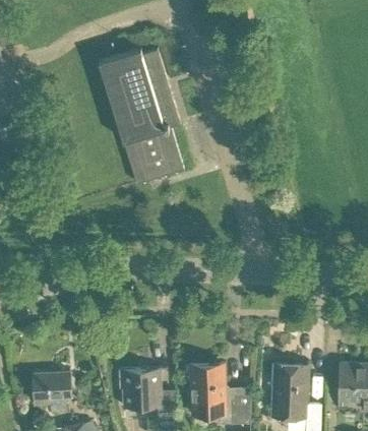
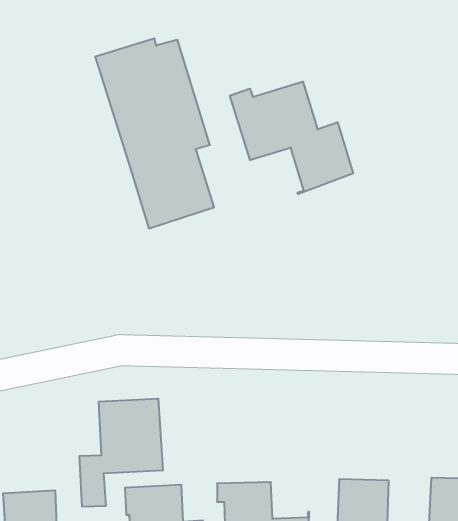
building: none -> [230,82,353,194]
building: none -> [79,398,163,507]

